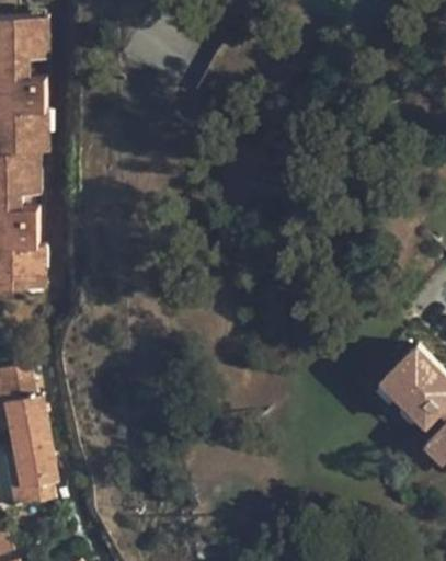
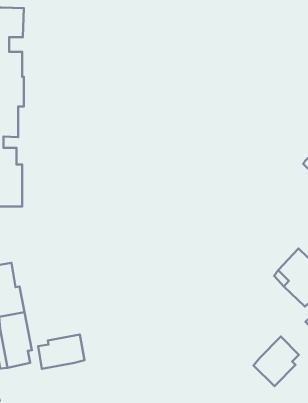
building: none -> [38,335,85,369]
building: none -> [253,337,299,386]

